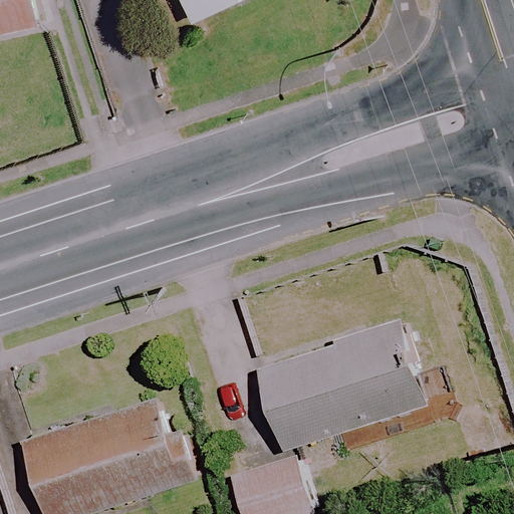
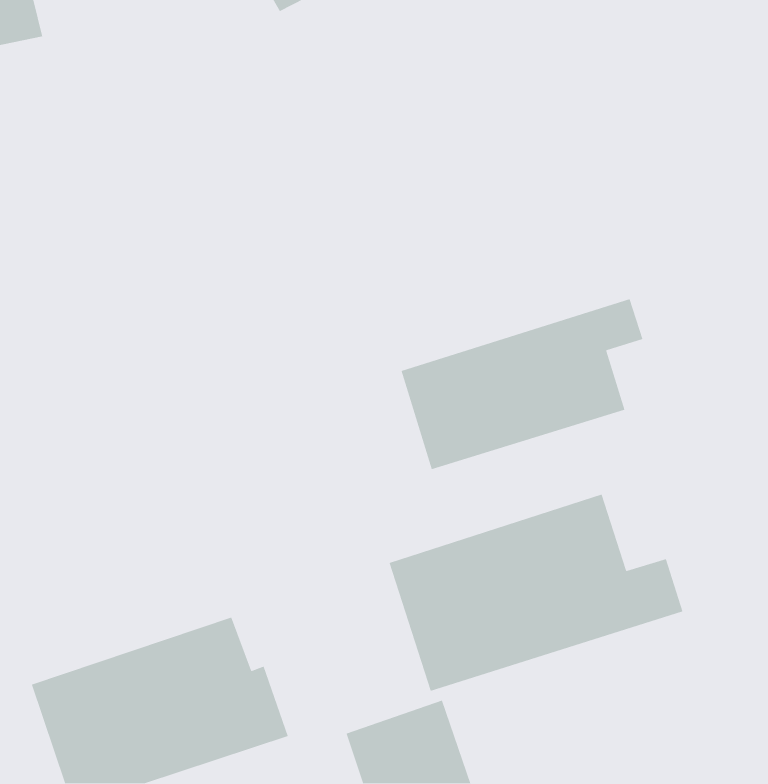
building: none -> [401,298,643,470]

